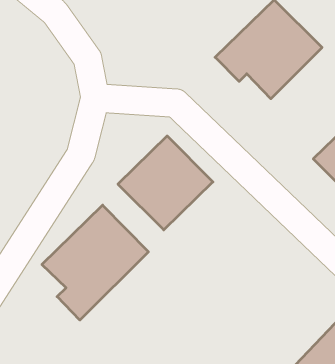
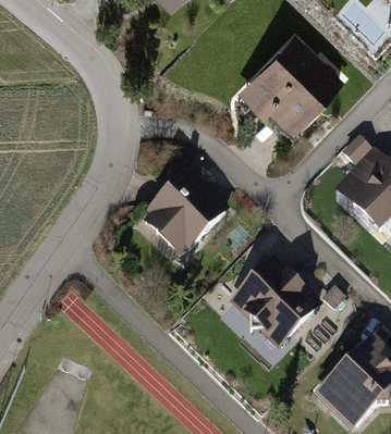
building: [42,205,148,320] -> none
building: none -> [224,256,321,352]

